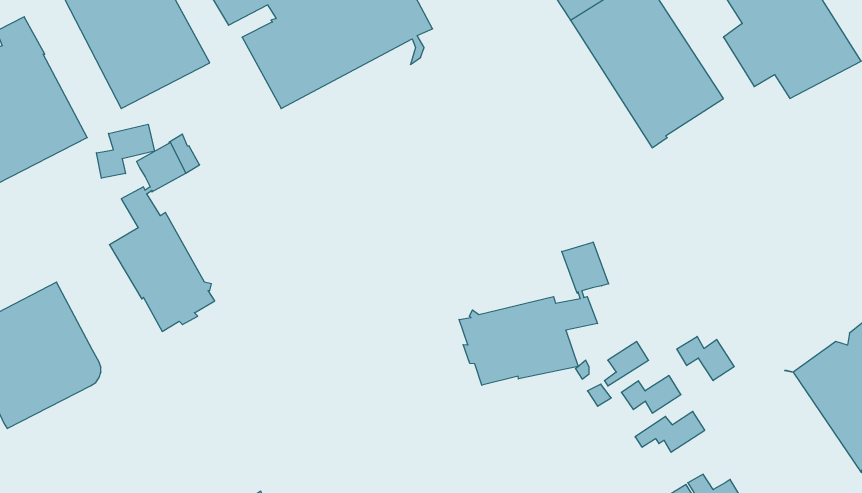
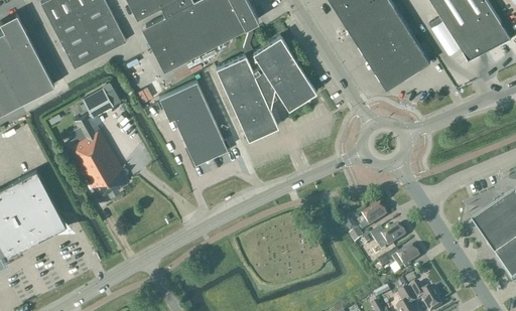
building: none -> [216,34,315,138]
building: [96,124,154,178] -> none
building: none -> [159,79,225,160]
building: [459,242,609,385] -> none
building: [677,336,734,381] -> none

